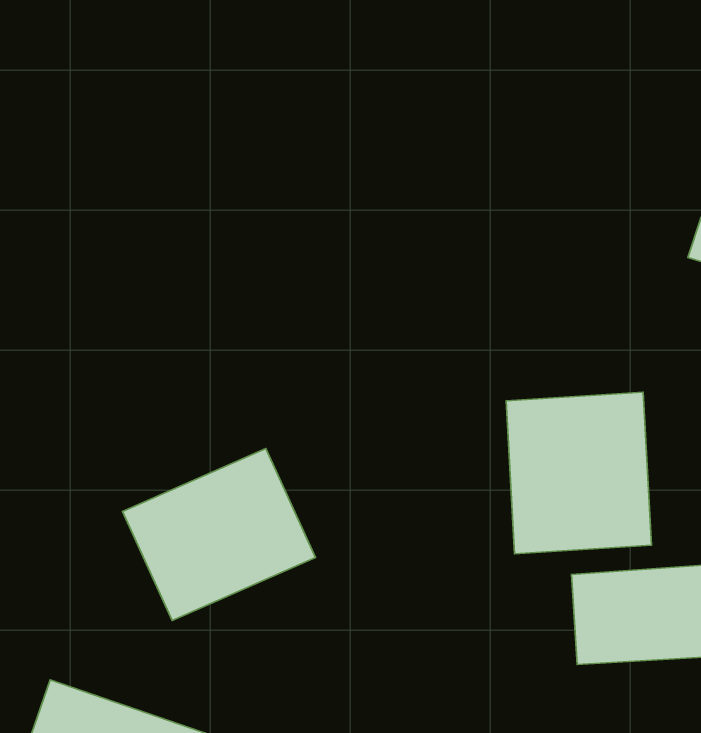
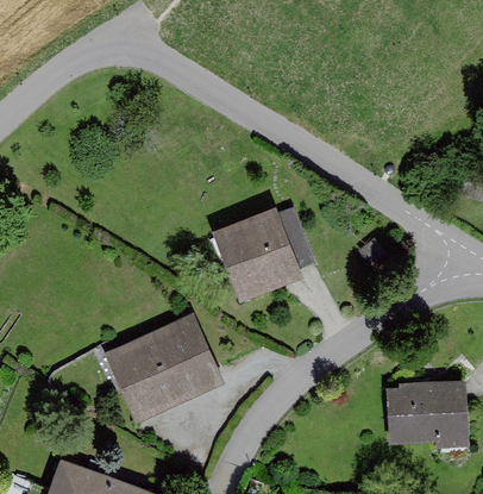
building: none -> [209,207,308,304]
building: [506,392,651,554] -> none

